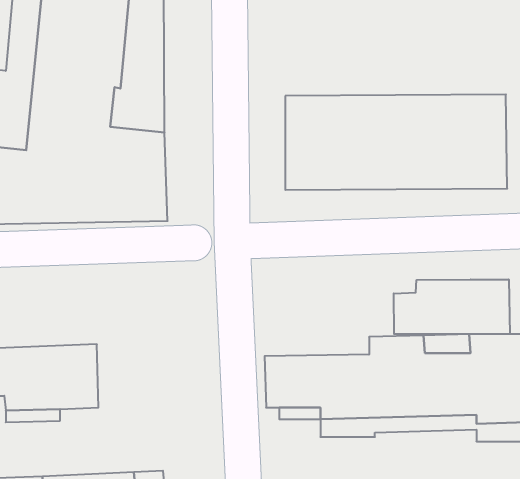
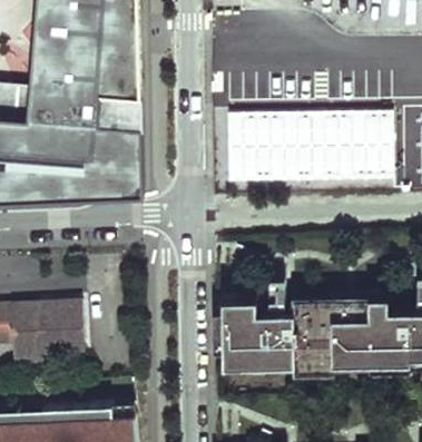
building: [394,279,510,334] -> none

